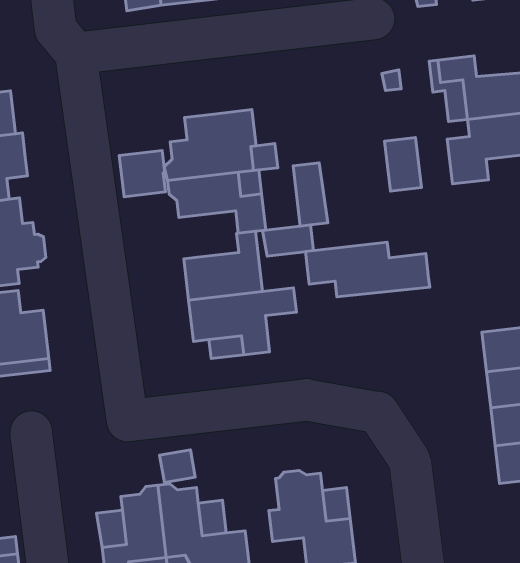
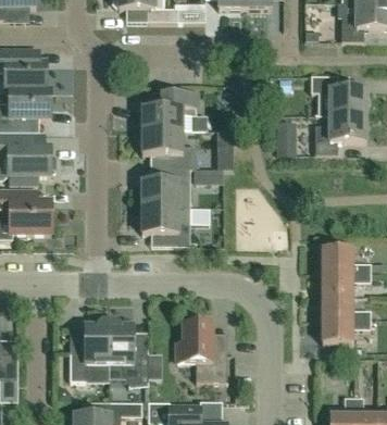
building: [119,150,165,197] -> [151,155,178,182]
building: [306,242,430,297] -> none

